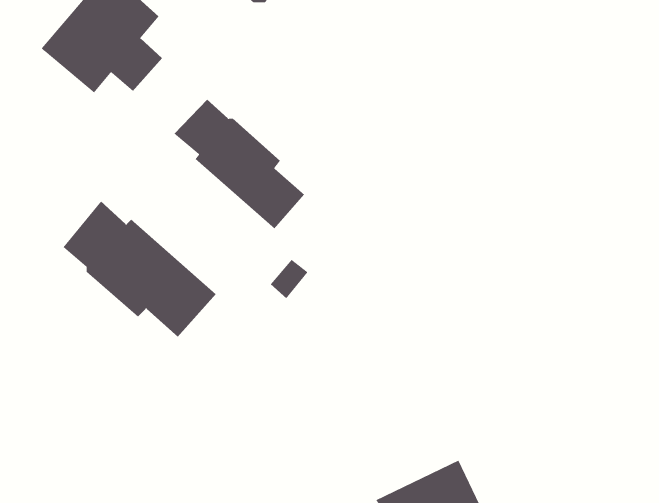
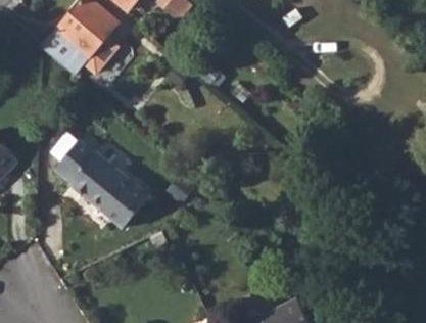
building: [174,99,305,230] -> none

